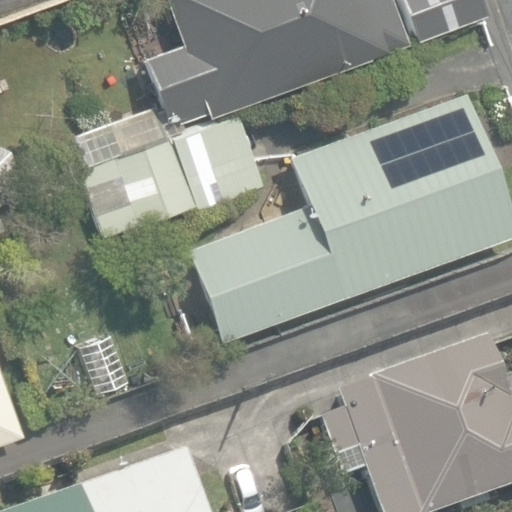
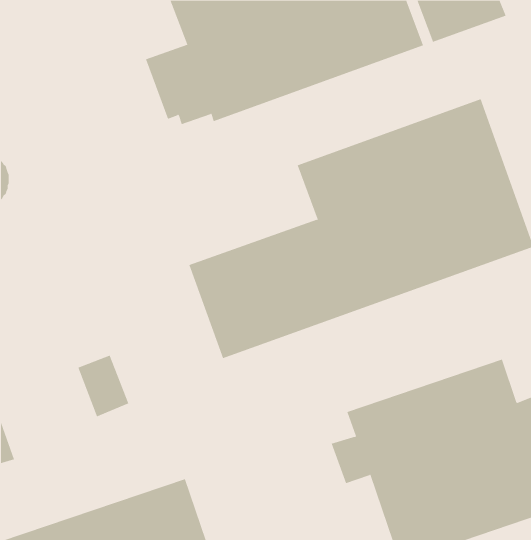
building: [78,106,266,231] -> none

